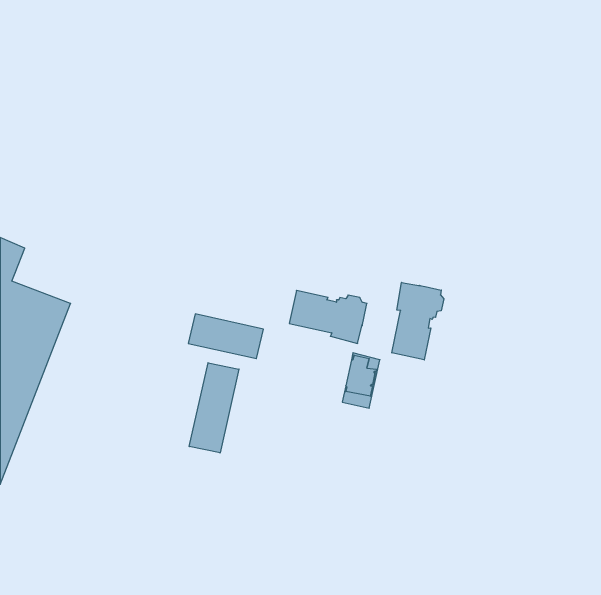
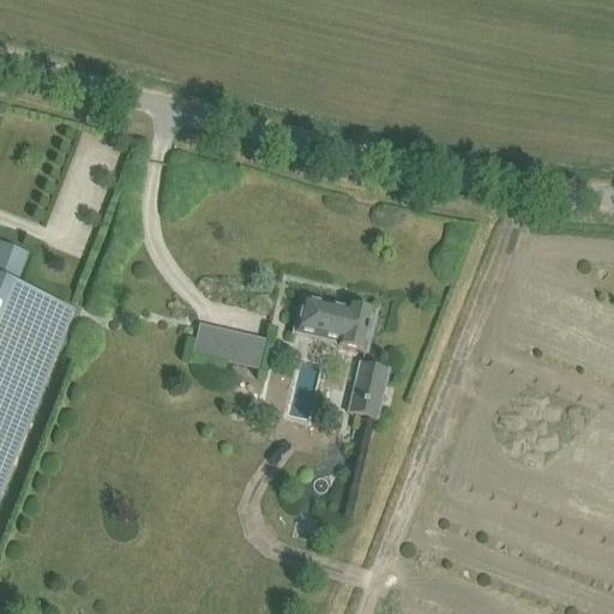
building: [392,282,444,360] -> none
building: [189,363,239,453] -> none

